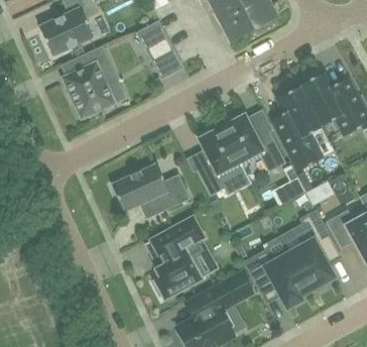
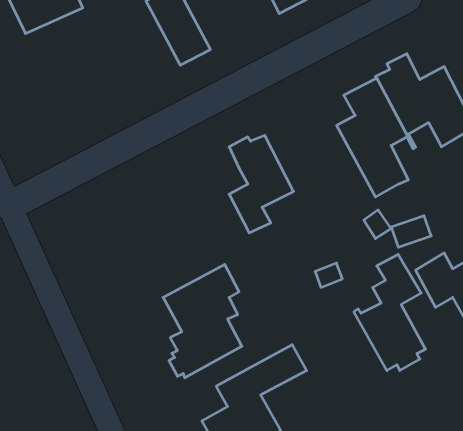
building: [64,45,115,117] -> none
building: [222,110,286,171] -> none
building: [112,163,191,211] -> none
building: [244,249,308,308] -> none

